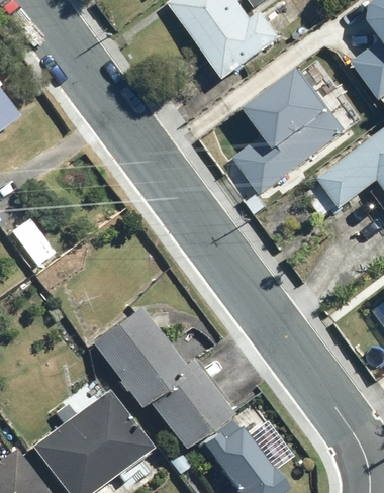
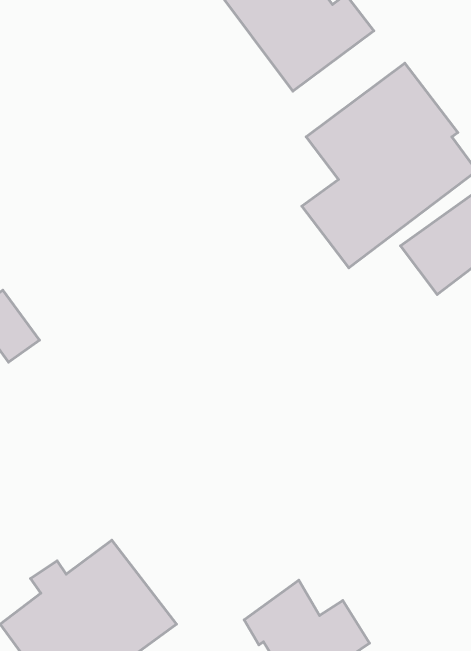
building: [92,308,229,447] -> none

